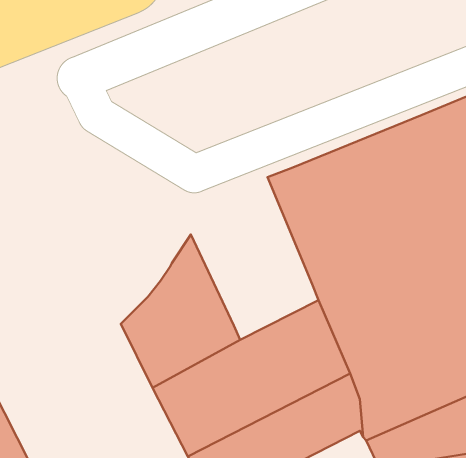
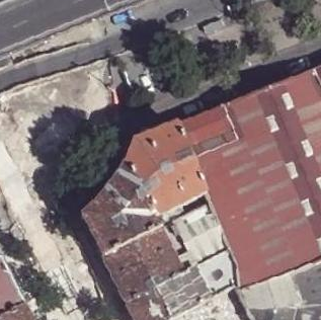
building: none -> [127,125,204,219]

